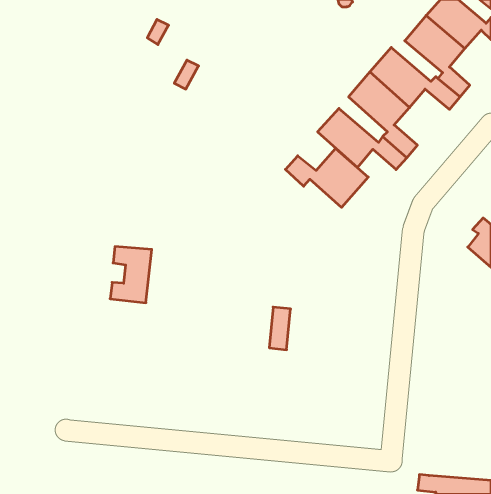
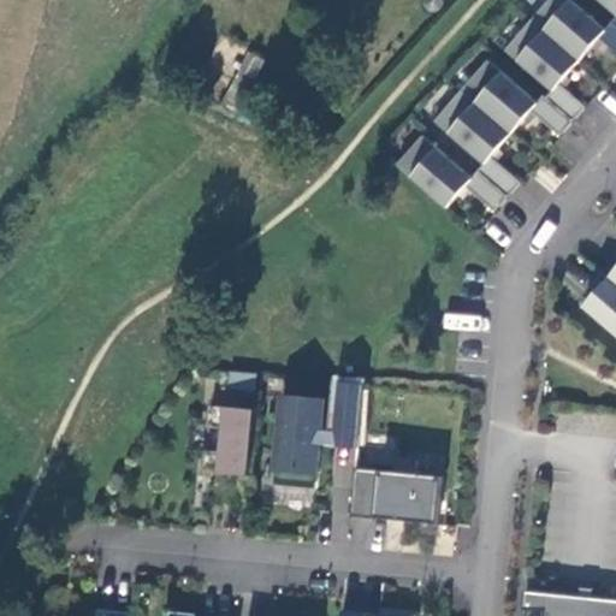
building: [285,148,368,207] -> none
building: [110,247,152,303] -> [202,405,254,475]
building: none -> [272,396,321,488]
building: none -> [349,460,439,523]

